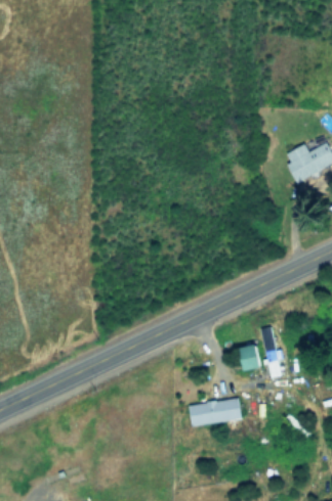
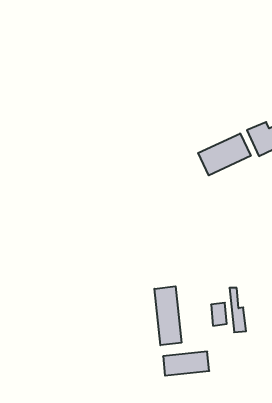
building: none -> [198,133,251,175]
building: none -> [154,286,181,345]

